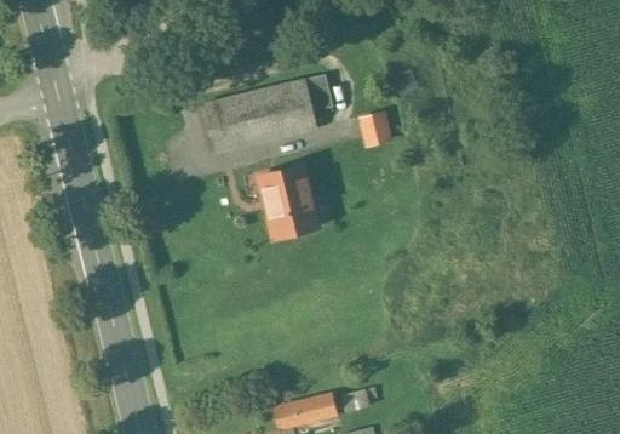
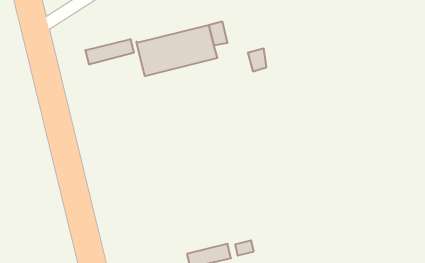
building: none -> [85,39,134,65]
building: [259,166,317,236] -> none

